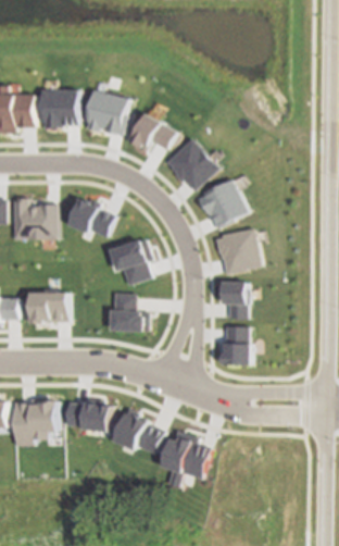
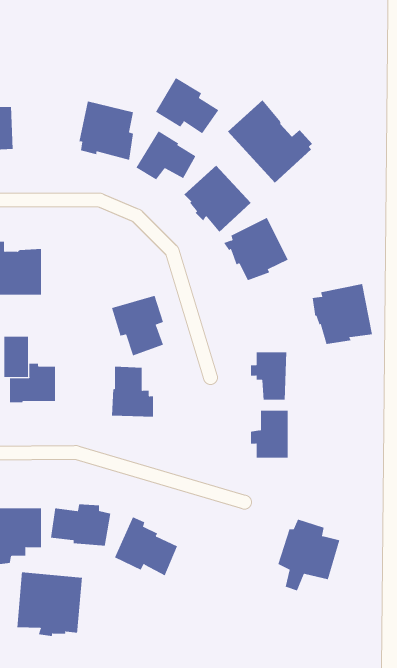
building: none -> [155,77,219,134]
building: none -> [227,99,313,183]
building: [40,89,78,128] -> none
building: [70,198,114,236] -> none
building: [213,227,260,274] -> [312,284,373,345]
building: [159,431,206,486] -> [278,519,340,591]
building: none -> [17,572,82,637]

